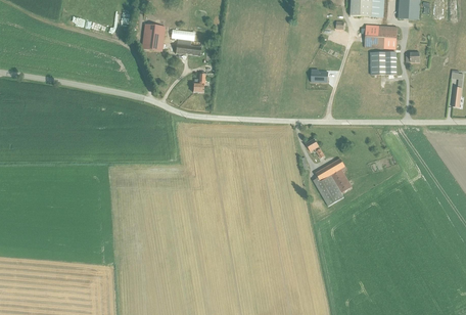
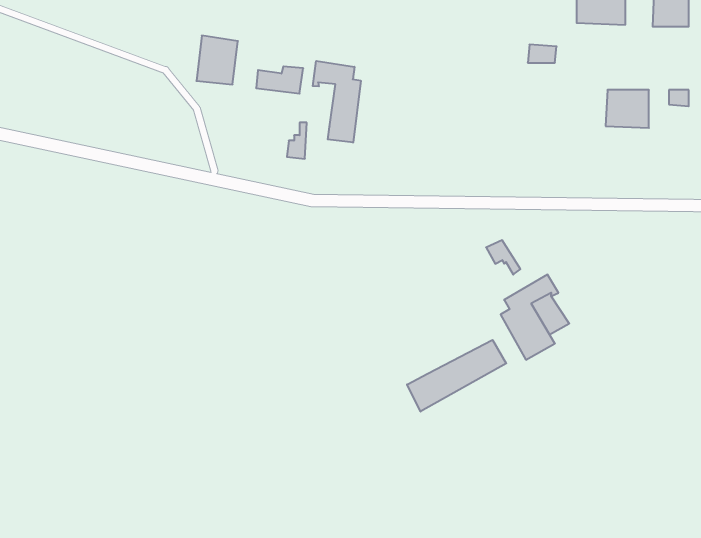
building: [367,26,399,47] -> none
building: none -> [313,61,361,143]
building: none -> [407,340,506,412]

